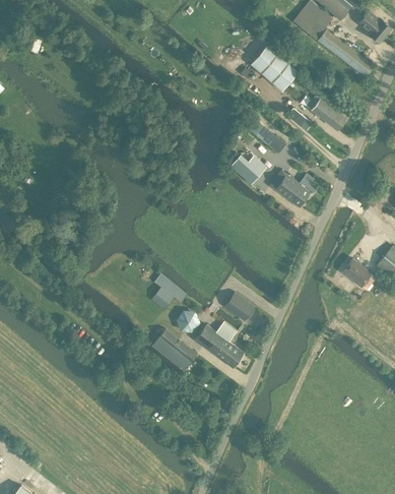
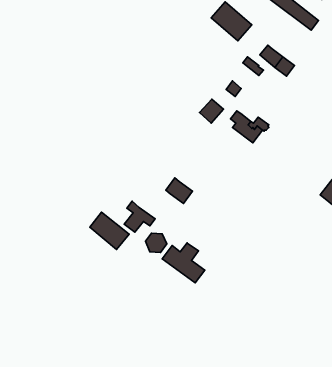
building: [343,258,371,286] -> none
building: [224,292,255,321] -> [166,178,192,203]
building: [152,328,197,371] -> [90,212,129,249]

